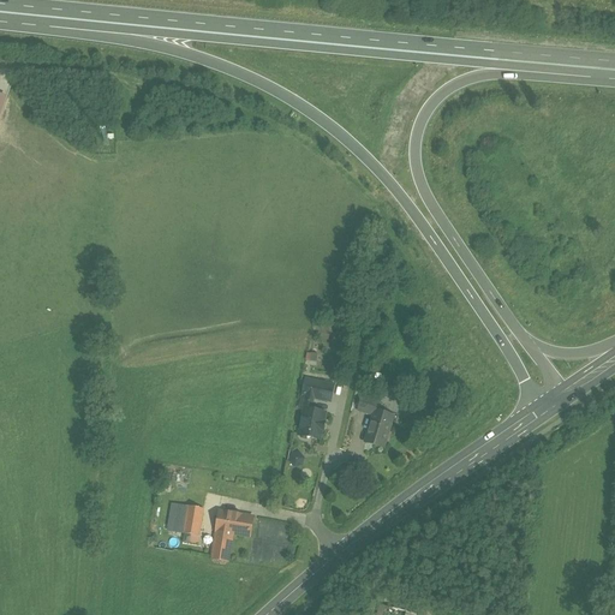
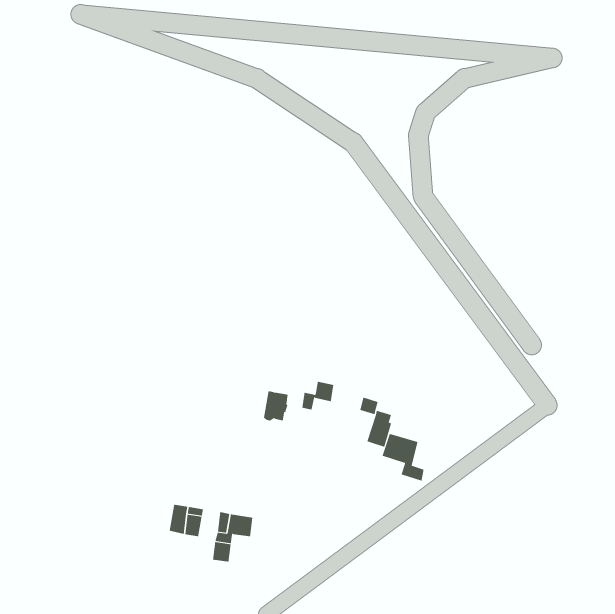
building: [299,406,324,437] -> [263,390,288,421]
building: none -> [382,433,424,481]

